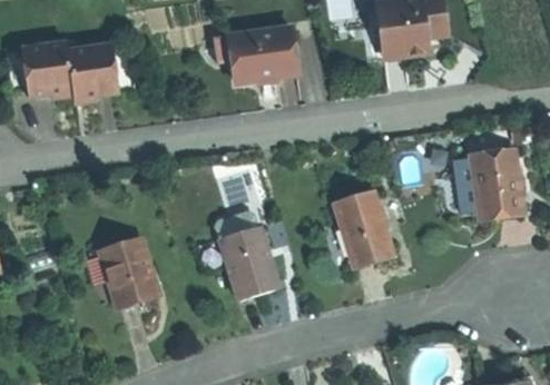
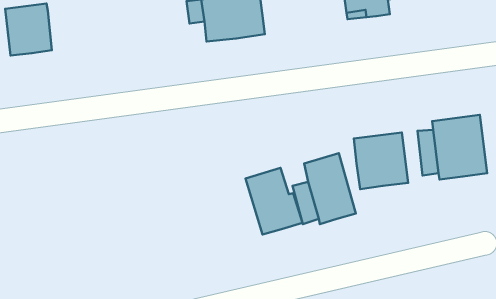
building: [69,40,119,95] -> none
building: none -> [354,133,408,189]
building: [220,229,281,299] -> [245,168,303,235]
building: [97,236,158,306] -> none

